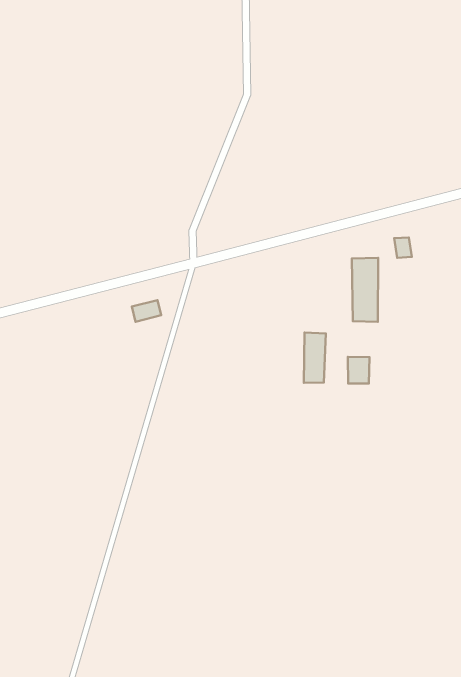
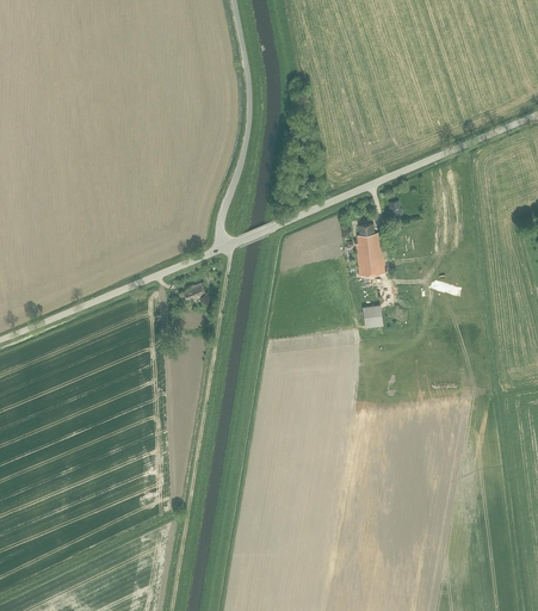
building: [304,333,326,383] -> none

